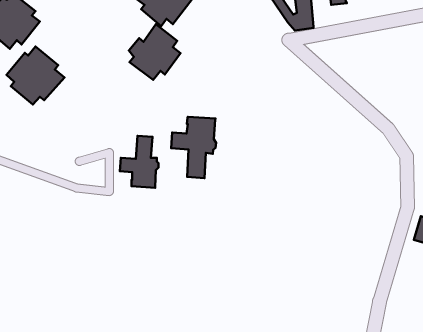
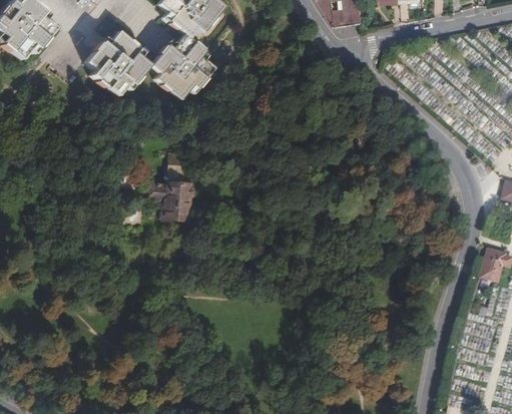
building: [6,47,64,105] -> [88,26,154,92]
building: [171,117,216,178] -> none

